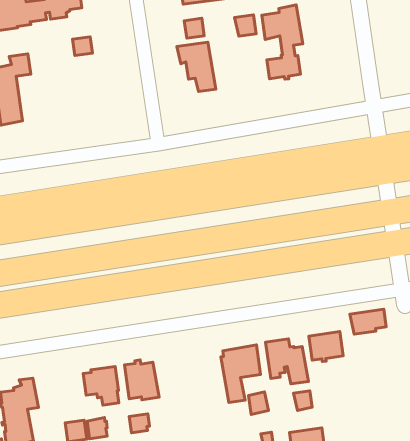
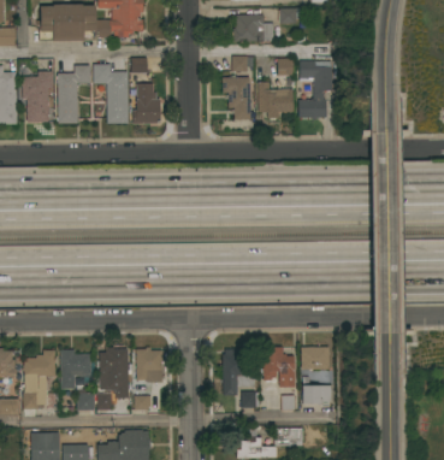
building: none -> [257,82,294,119]
building: none -> [93,64,128,123]
building: none -> [132,83,160,123]
building: [350,309,386,334] -> [301,385,331,403]
building: none -> [60,349,90,389]

